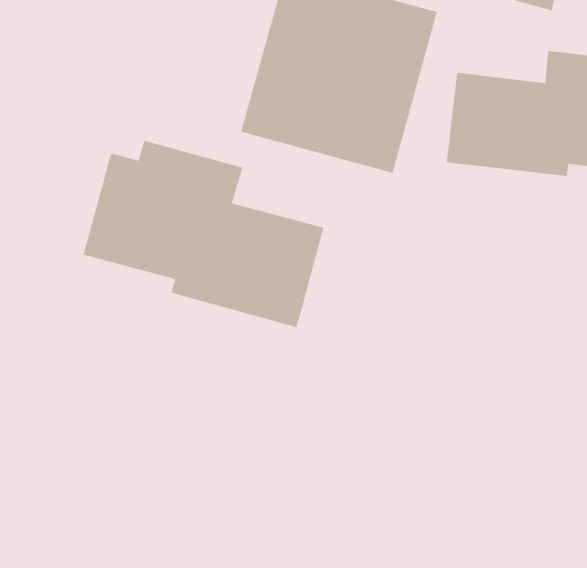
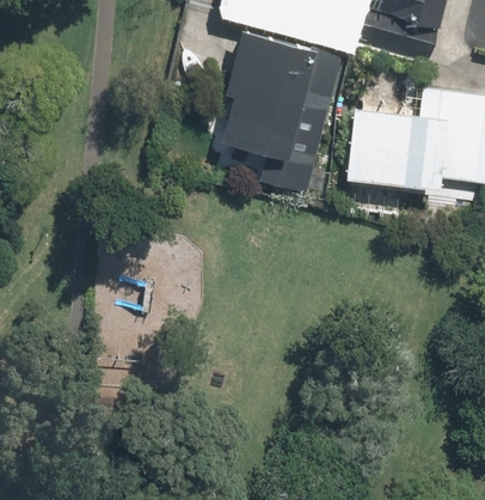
building: [83,140,325,328] -> none

